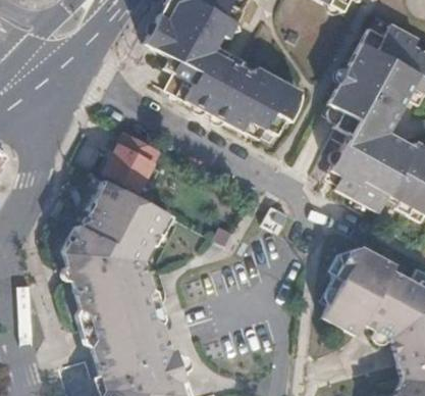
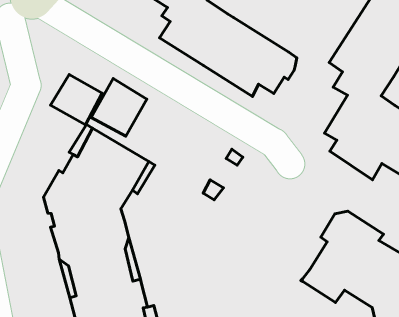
building: none -> [51,74,102,125]

